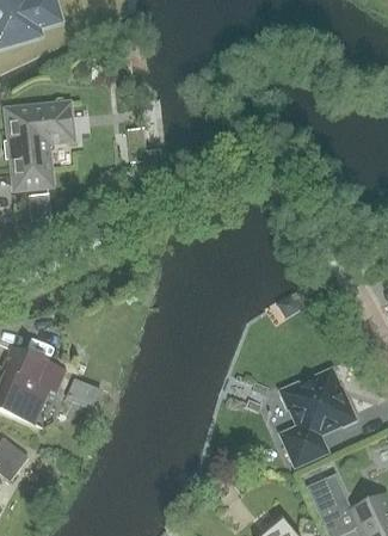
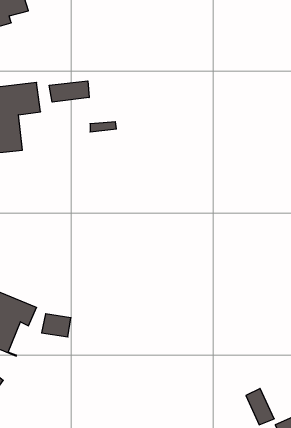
building: none -> [49,81,89,102]
building: [279,372,357,467] -> none

